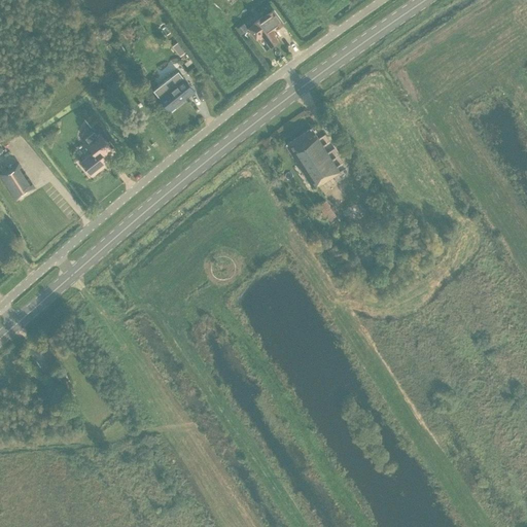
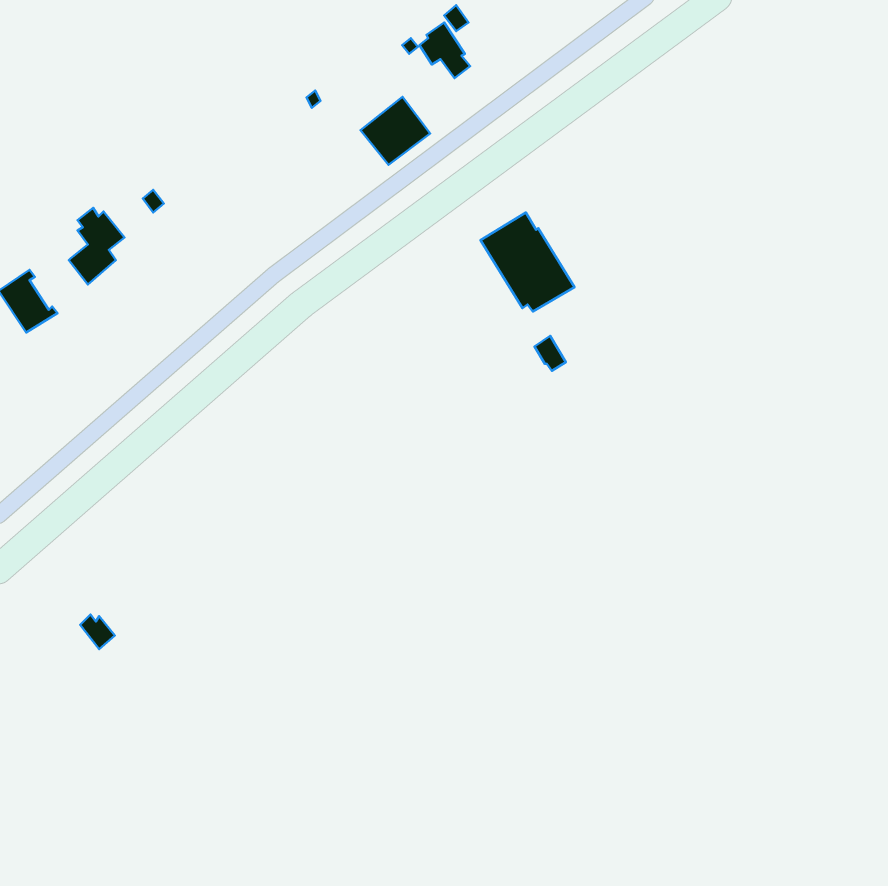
building: [152,69,194,109] -> [361,97,430,165]
building: [79,130,112,175] -> [69,208,125,284]

